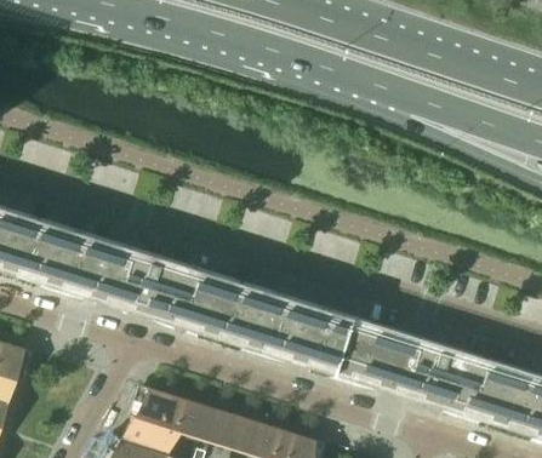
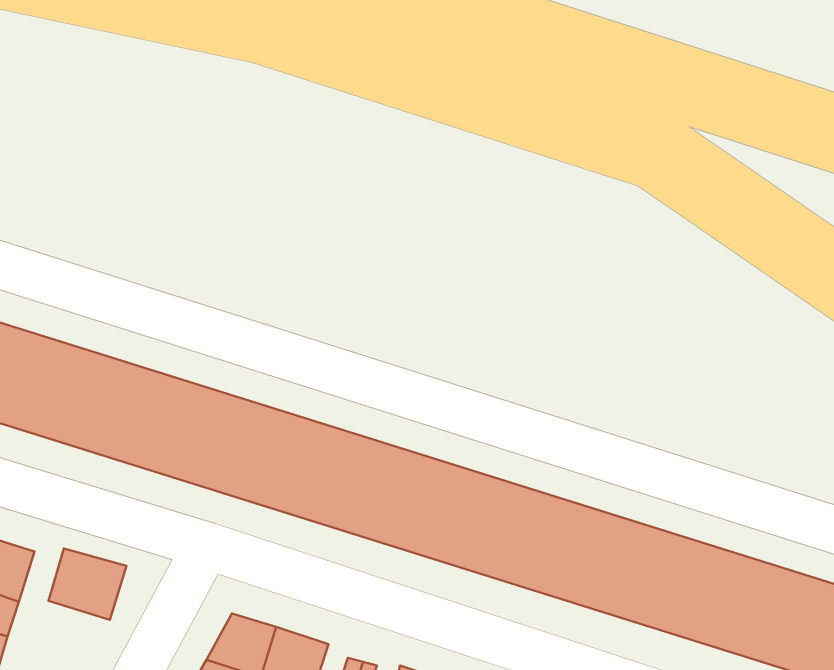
building: none -> [48,549,127,620]

